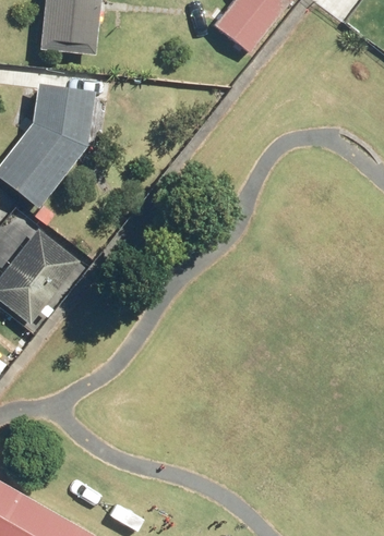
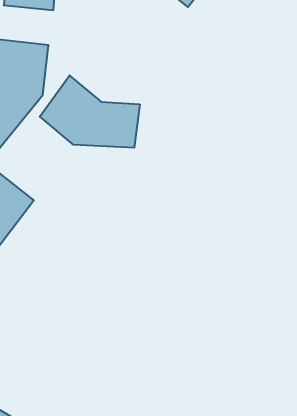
building: none -> [40,75,140,148]

